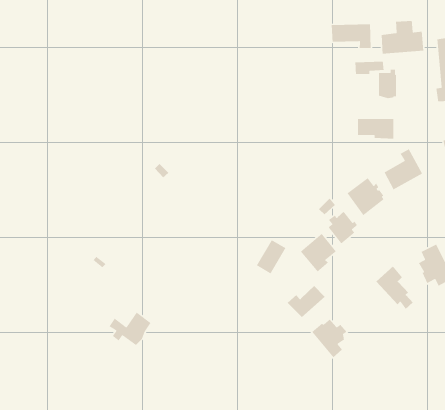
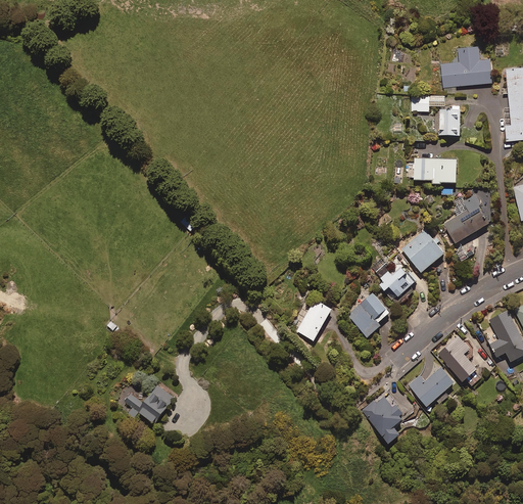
building: [331,23,372,49] -> none
building: [287,285,326,318] -> [408,364,453,402]

